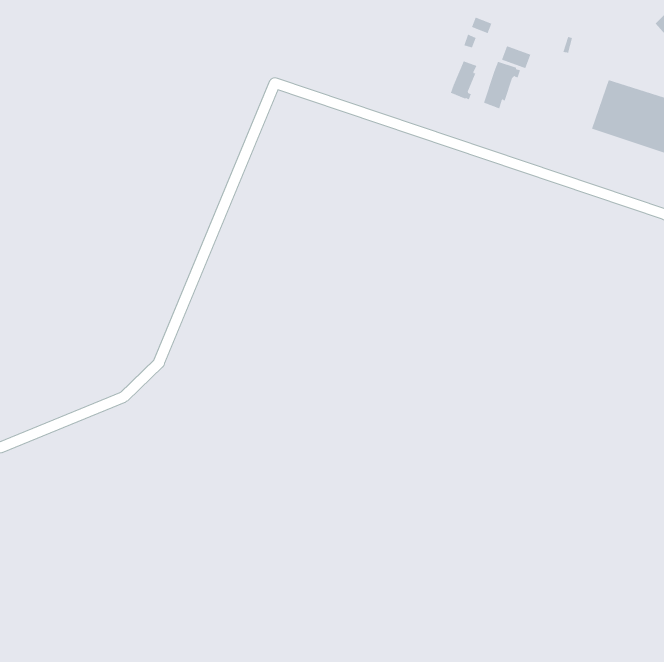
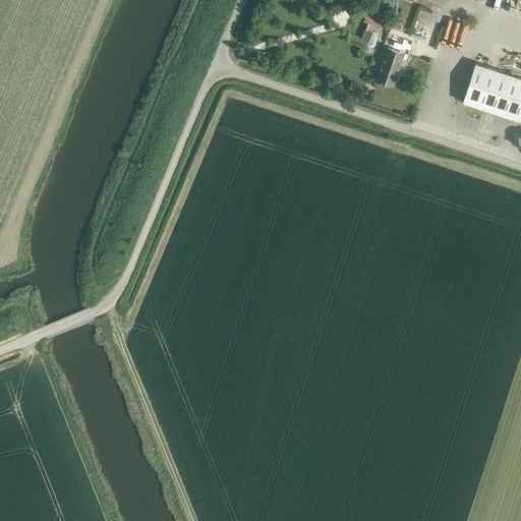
building: [450,60,477,100] -> none

